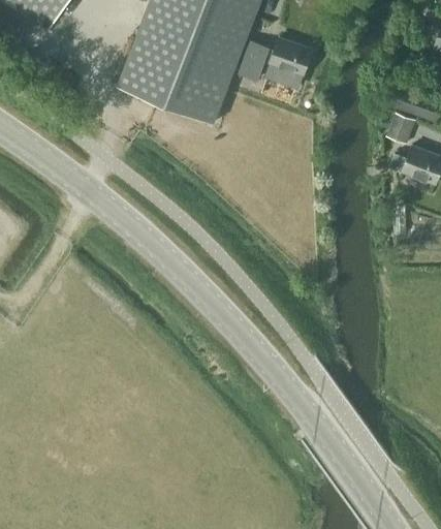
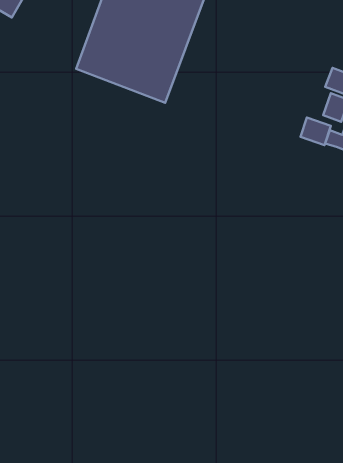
building: [237,36,313,90] -> none
building: none -> [300,117,331,145]

